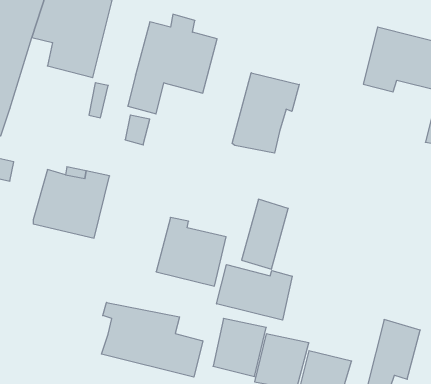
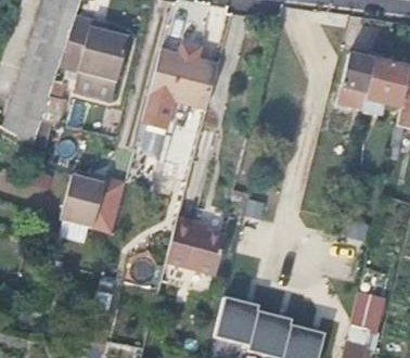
building: [232,73,299,153] -> none
building: [217,265,292,320] -> none
building: [101,302,203,377] -> none

